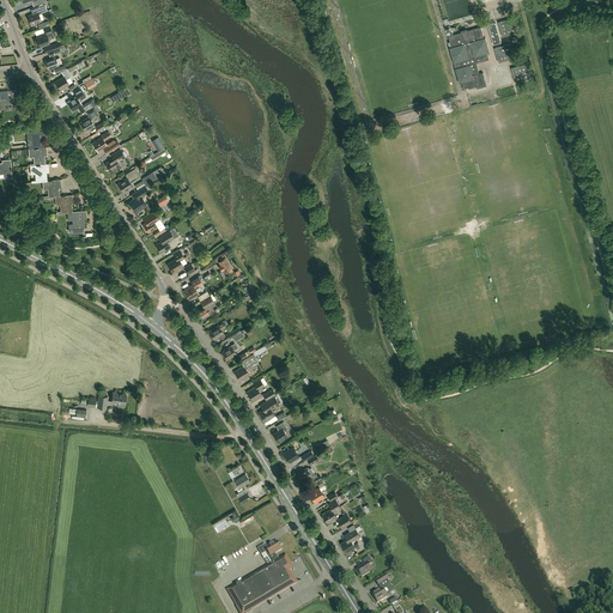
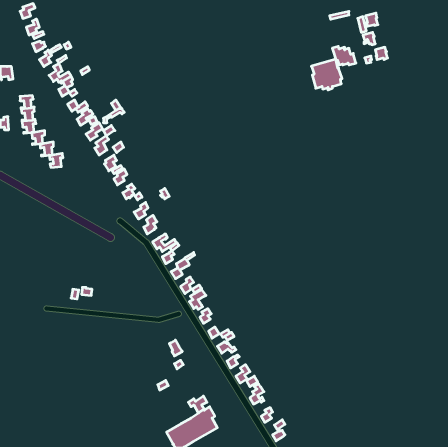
building: [448,28,490,69] -> [311,59,342,90]

